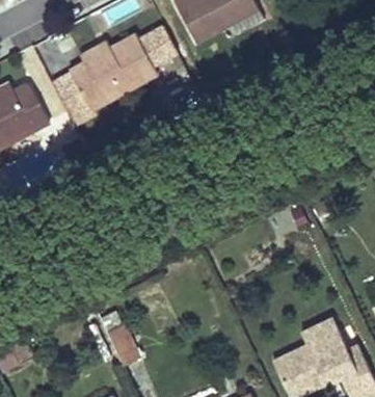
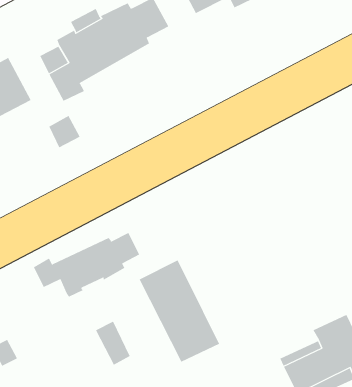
building: none -> [33,232,140,298]
building: none -> [139,260,220,363]

